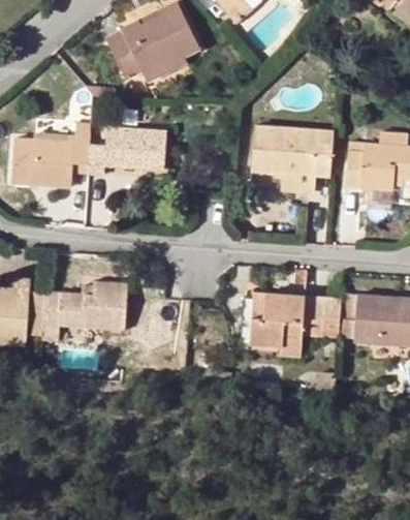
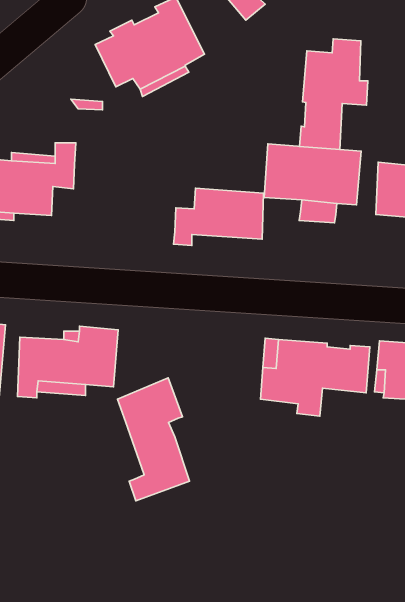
building: none -> [299,39,368,150]
building: [88,126,164,175] -> [174,188,263,245]
building: none -> [117,378,190,501]

